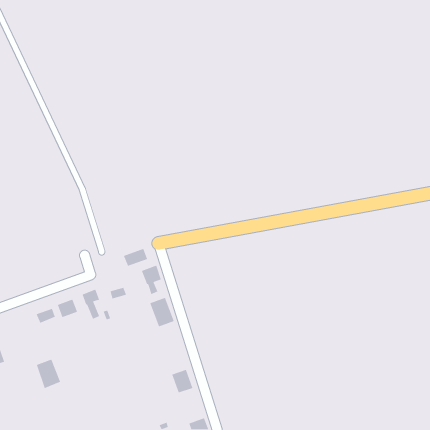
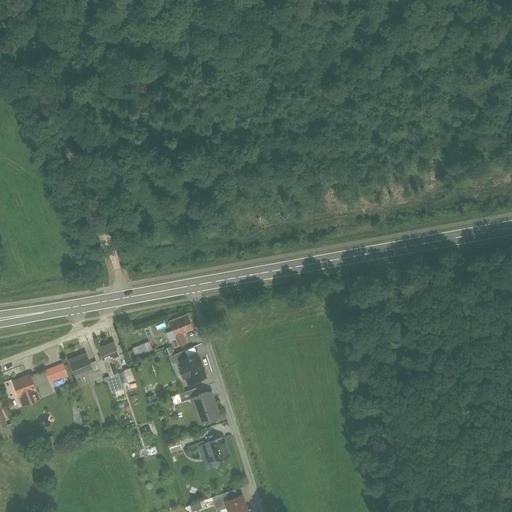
building: [123,248,148,267] -> none
building: none -> [192,390,221,426]
building: [36,359,61,389] -> [9,372,39,408]

